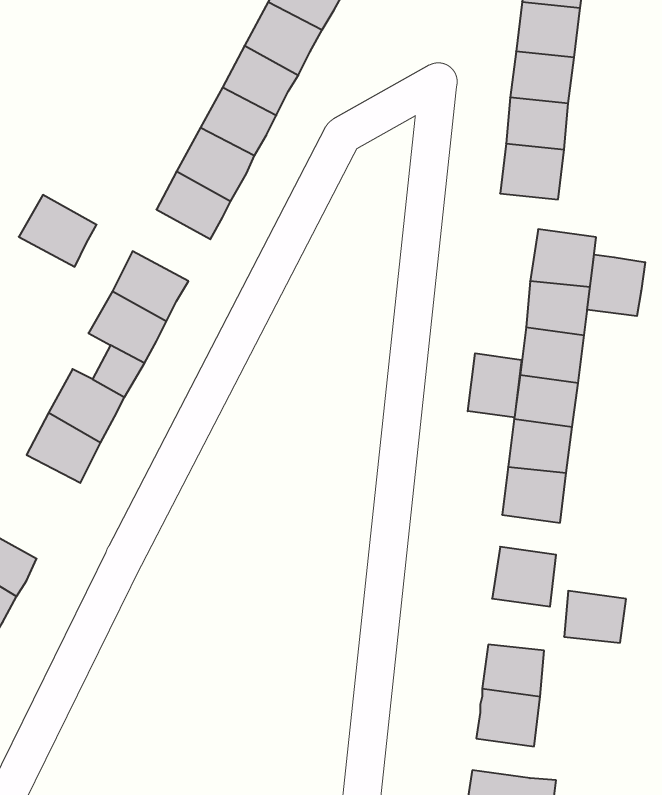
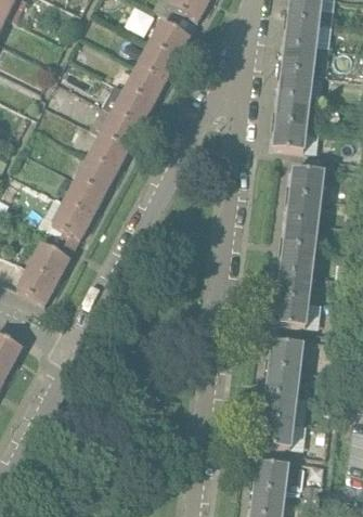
building: [19,195,97,267] -> [74,153,116,192]
building: [587,255,645,316] -> none
building: [468,353,522,418] -> none
building: [564,591,626,643] -> [267,364,300,392]

